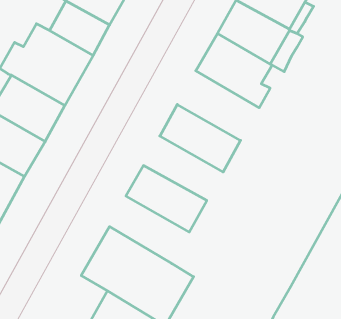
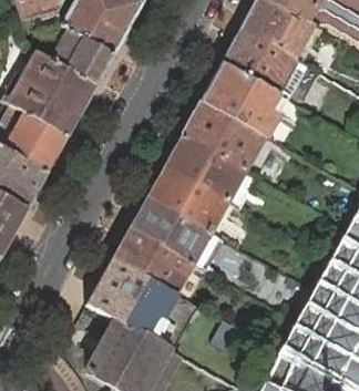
building: none -> [182,101,265,172]
building: none -> [147,167,228,233]
building: none -> [113,228,194,297]

